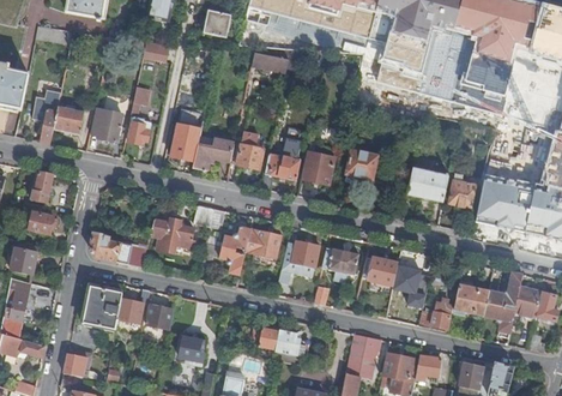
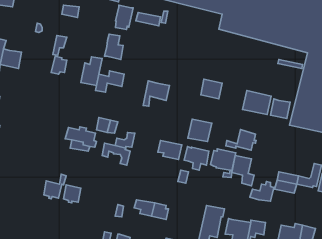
building: none -> [115,5,133,30]
building: [91,107,122,142] -> none
building: [236,132,264,169] -> [104,34,123,59]
building: [301,151,336,184] -> [188,119,212,141]
building: none -> [226,129,256,150]
building: [244,229,280,259] -> none
building: [90,234,146,264] -> none
building: [83,287,122,330] -> none
building: [483,304,515,334] -> none
building: [179,337,207,362] -> none
building: [64,348,89,378] -> none

